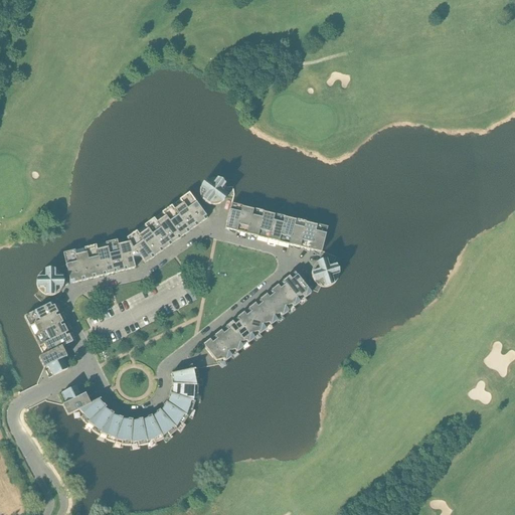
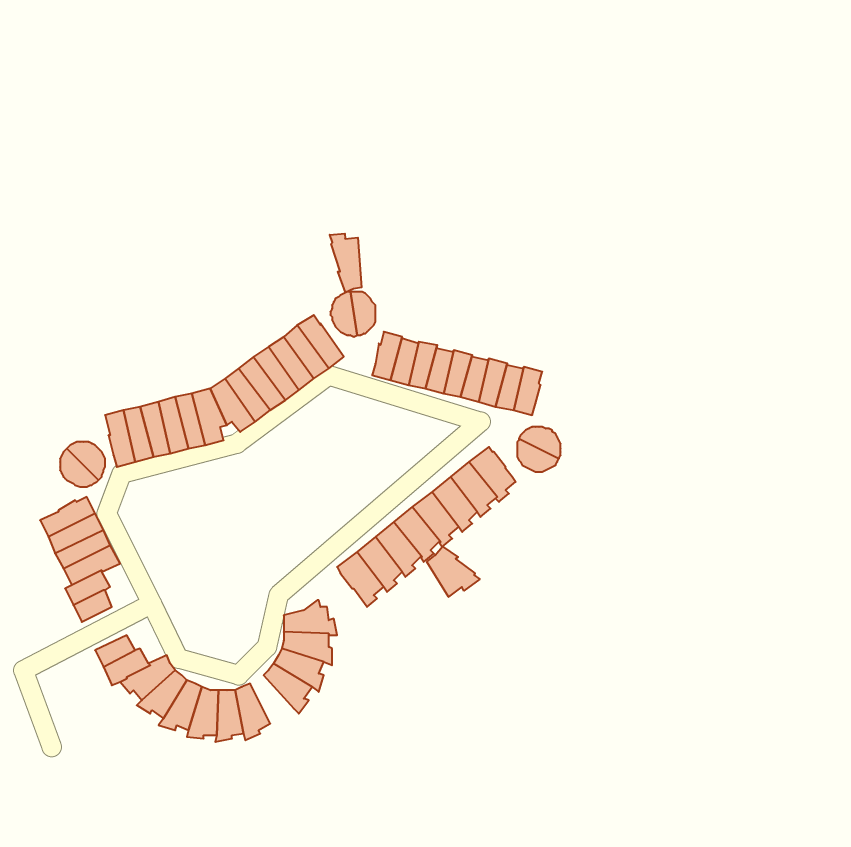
building: none -> [330,234,362,293]
building: none -> [427,547,480,597]
building: [152,407,178,442] -> none

